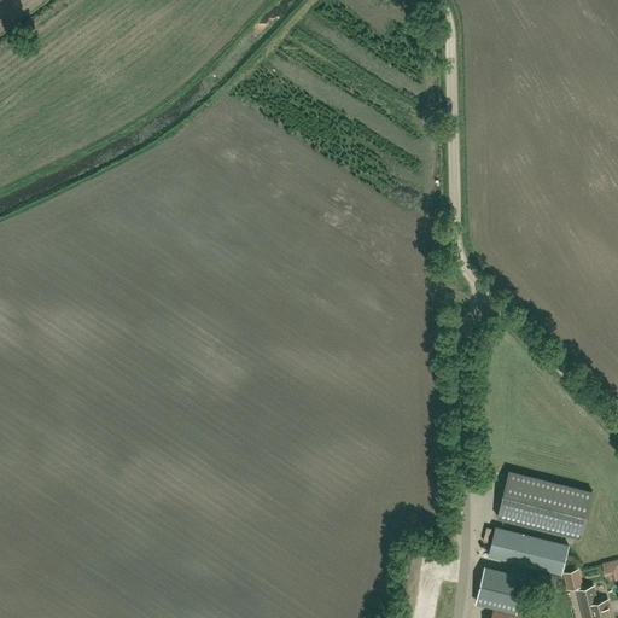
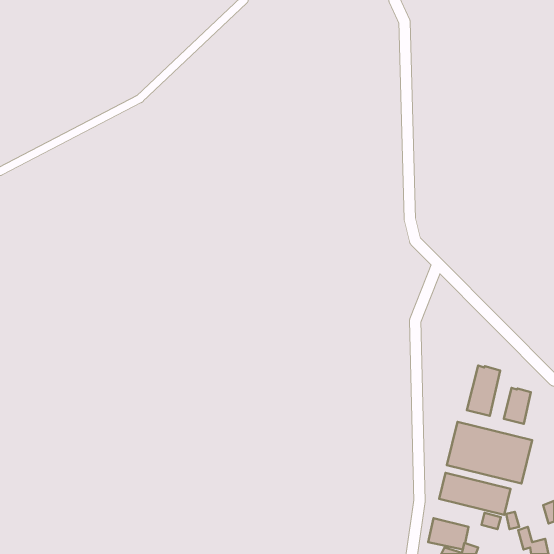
building: none -> [467,365,500,416]
building: none -> [504,388,531,424]

